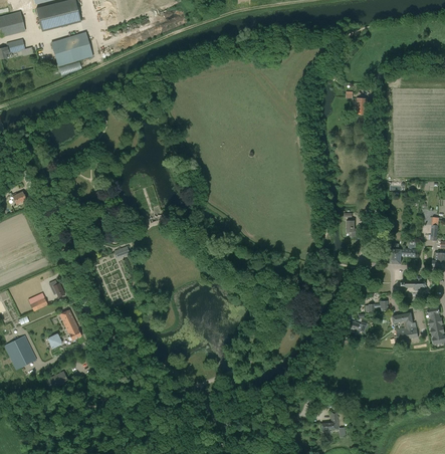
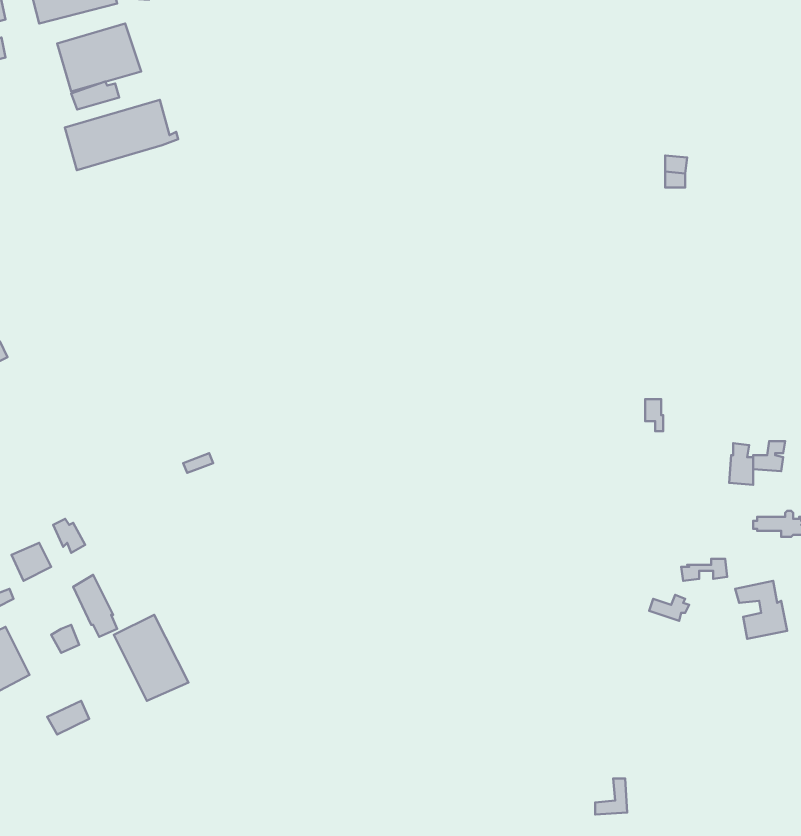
building: none -> [65,100,178,170]
building: none -> [114,615,188,701]

